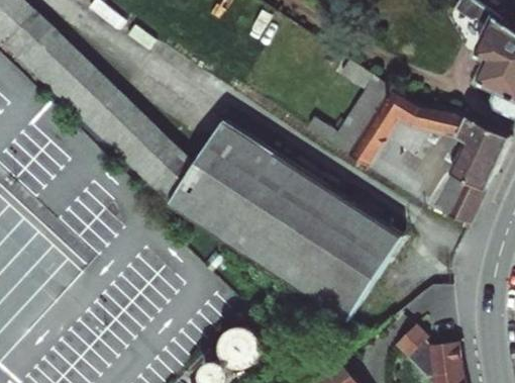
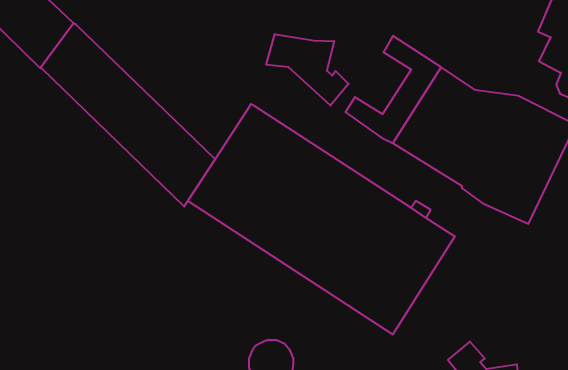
building: none -> [266,34,349,106]

